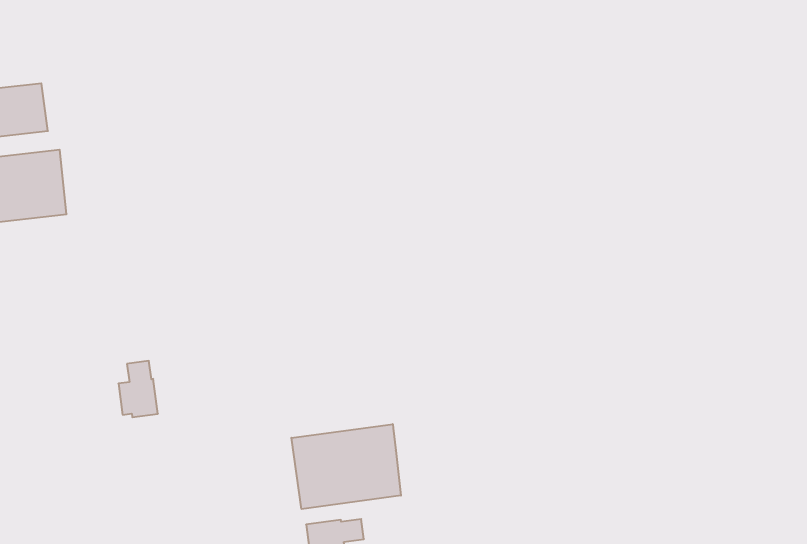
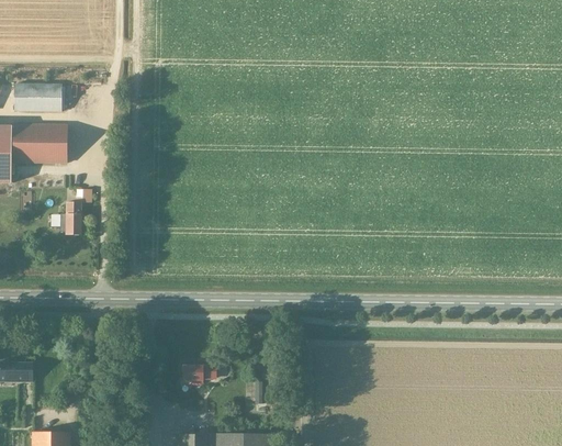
building: [118,361,158,417] -> [60,202,81,234]
building: [291,424,401,509] -> none

